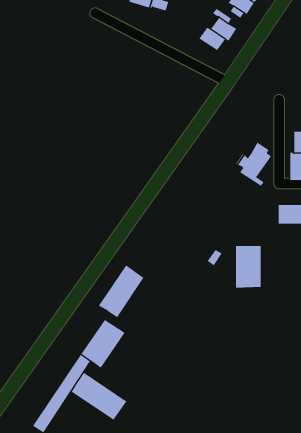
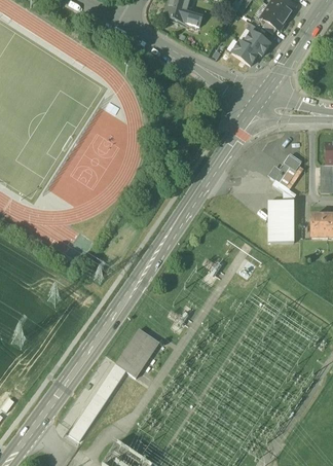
building: [235,245,261,288] -> [267,200,293,242]
building: [98,265,144,318] -> none
building: [71,372,127,420] -> none

